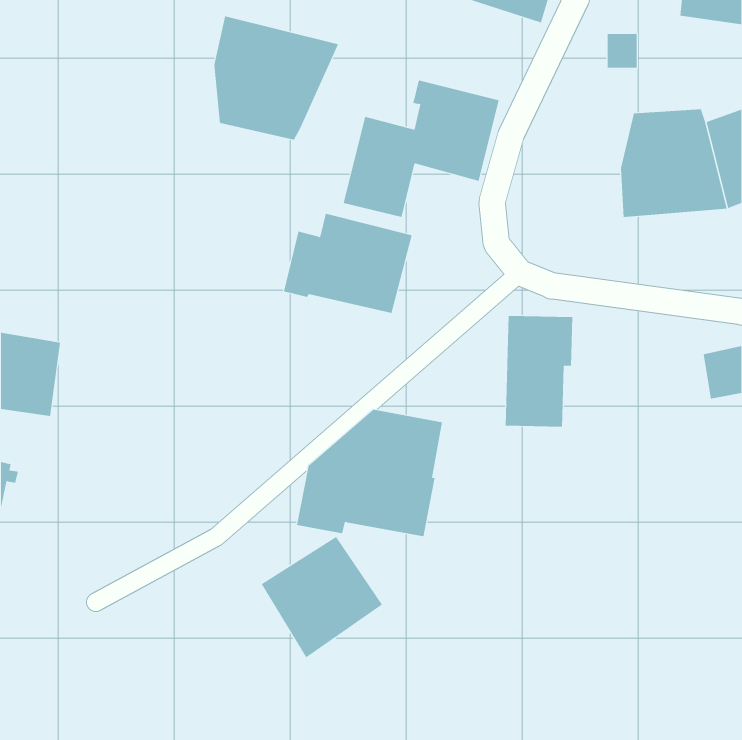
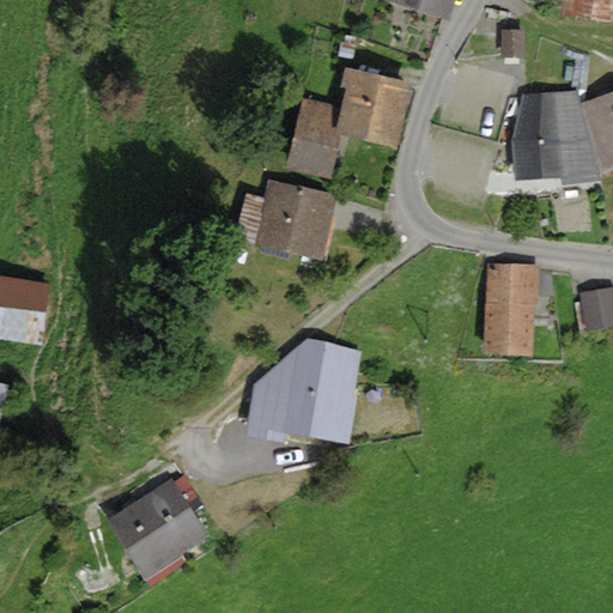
building: [214,15,339,141] -> none
building: [505,316,573,427] -> [482,262,539,354]
building: [261,536,383,658] -> [108,479,208,579]

